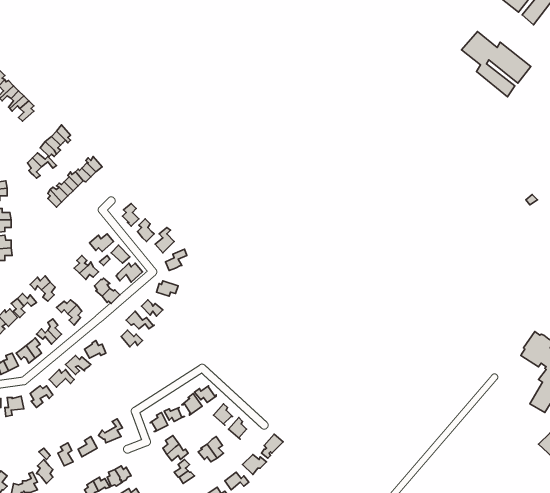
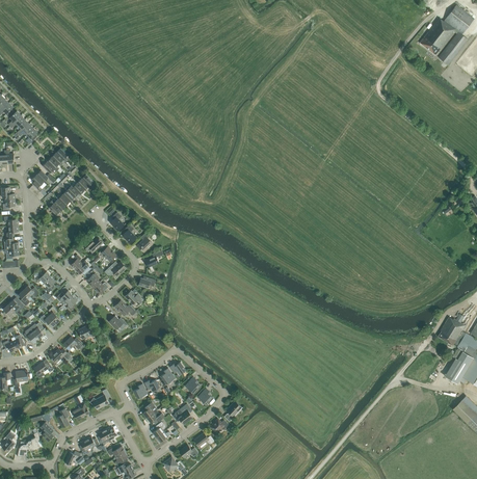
building: [461,31,531,97] -> none

